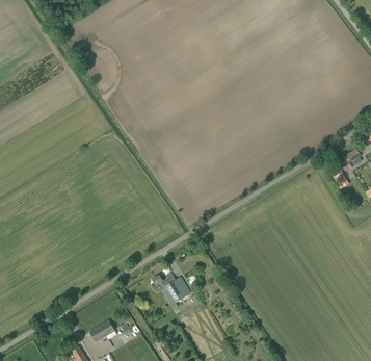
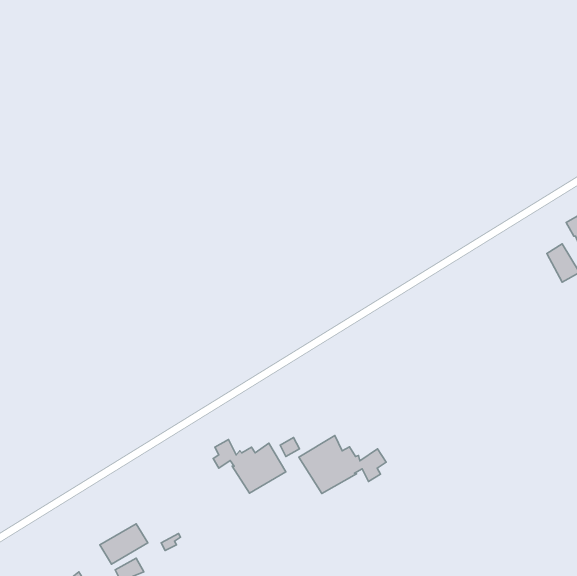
building: none -> [299,436,386,493]

